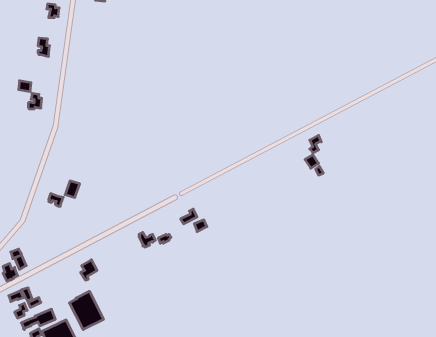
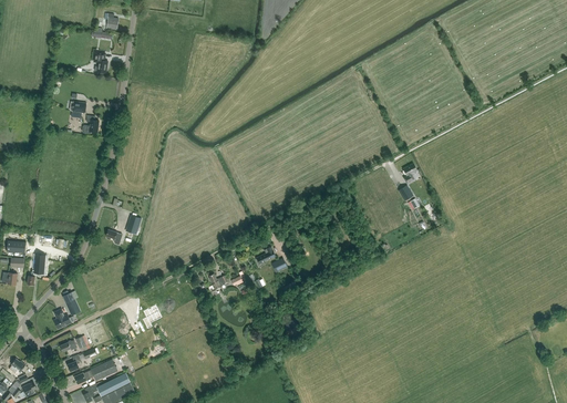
building: [69,291,103,330] -> none

